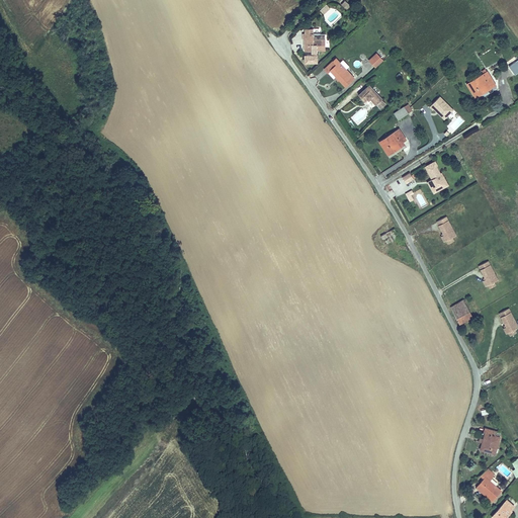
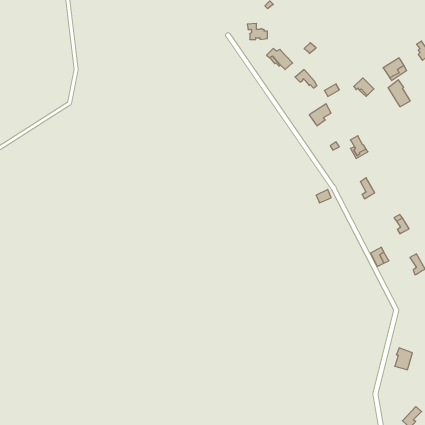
building: none -> [388,80,410,107]
building: [477,463,503,498] -> none

